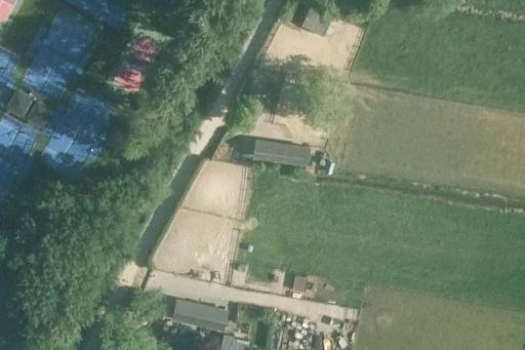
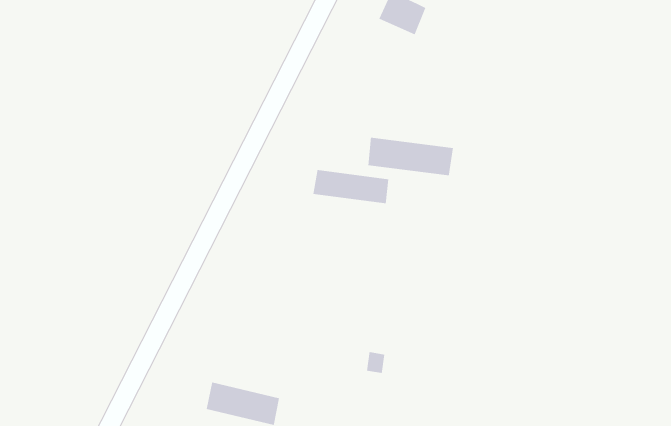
building: none -> [368,137,453,176]

